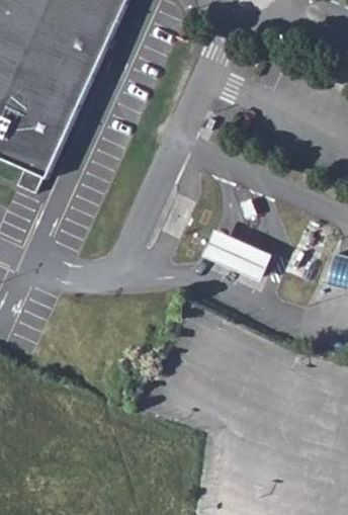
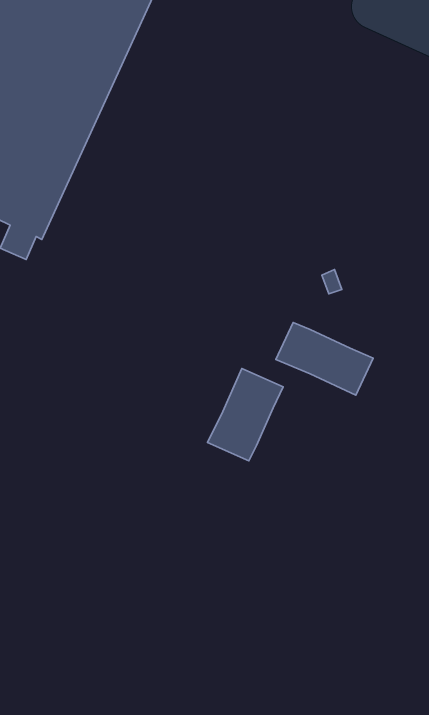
building: none -> [207,368,283,461]

